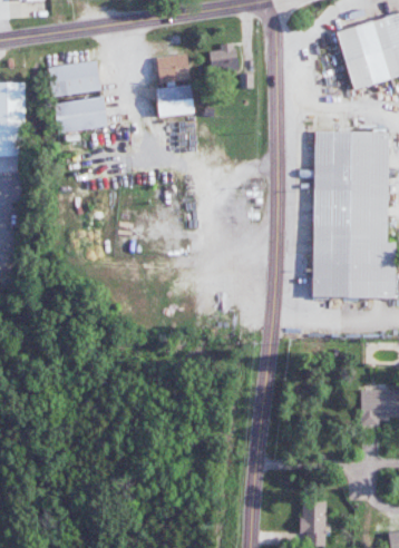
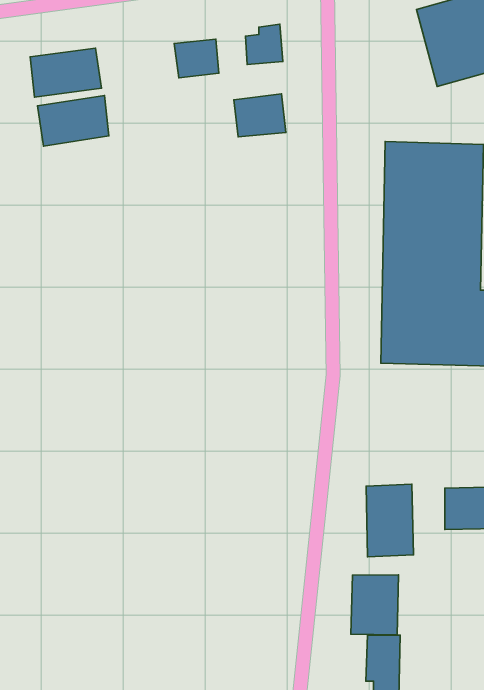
building: [156,84,195,116] -> [234,94,286,137]
building: none -> [366,484,413,557]
building: none -> [351,575,398,635]

